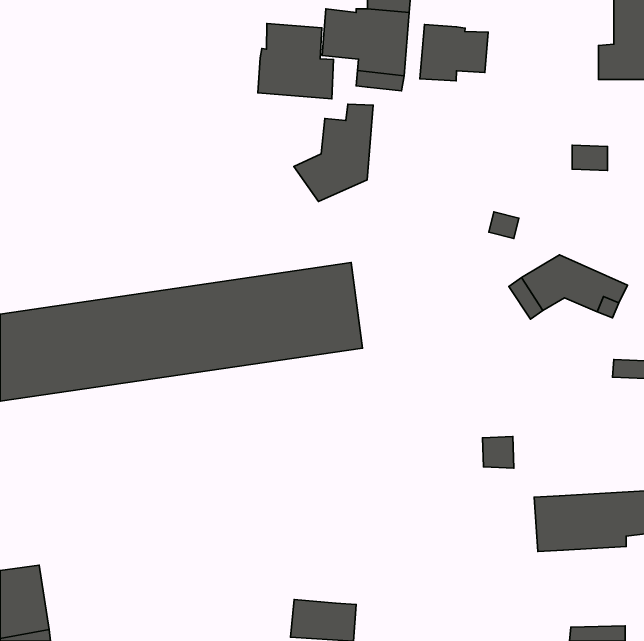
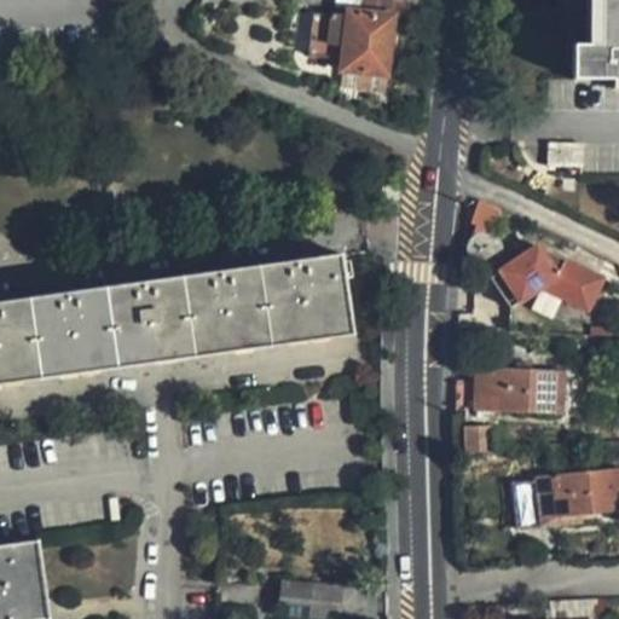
building: [258,23,334,99] -> none
building: [420,24,488,81] -> none
building: [294,104,373,202] -> none
building: none -> [455,366,563,416]

